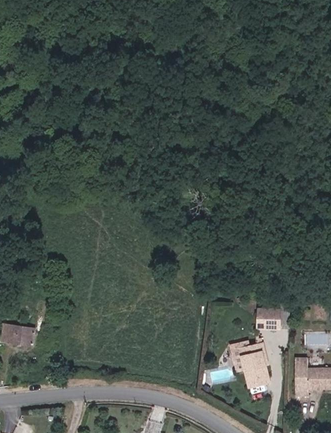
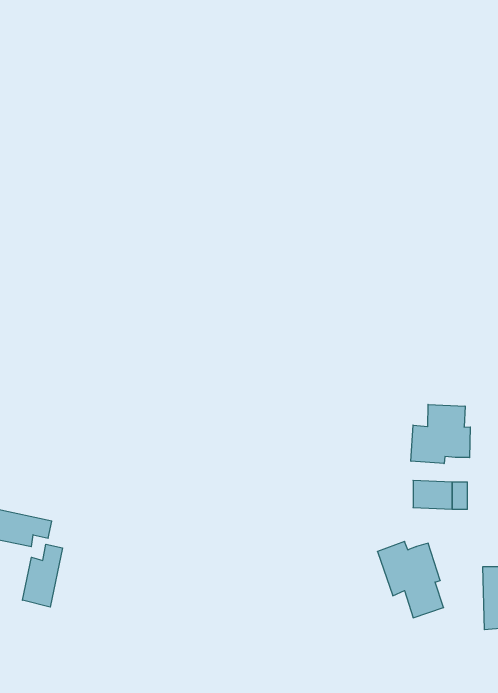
building: none -> [411,404,470,464]
building: none -> [22,544,62,607]

